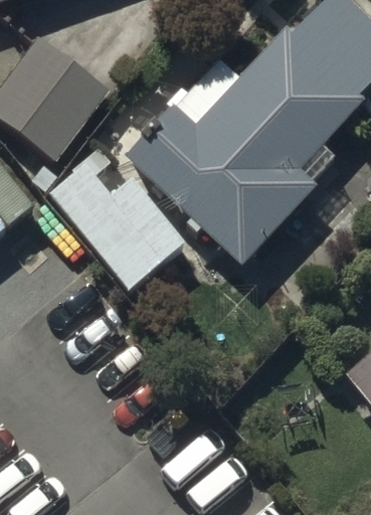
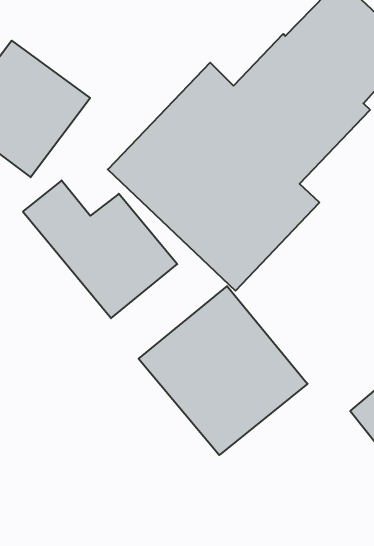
building: none -> [139,286,308,455]

